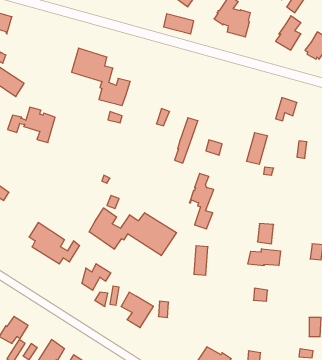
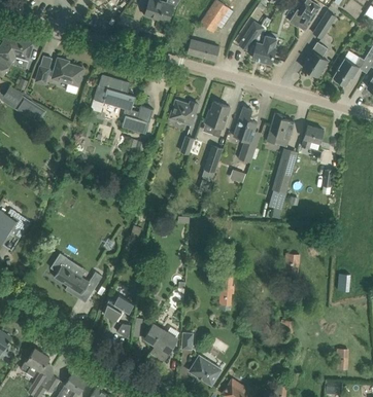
building: none -> [170,101,198,123]
building: none -> [205,102,230,138]
building: none -> [267,113,294,144]
building: [8,107,55,143] -> [35,59,83,95]
building: [189,173,214,229] -> [233,107,258,164]
building: [89,208,177,256] -> none
building: [248,249,280,266] -> none
building: none -> [189,356,222,386]

